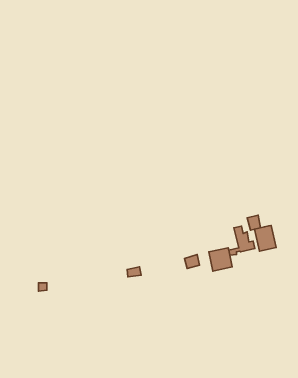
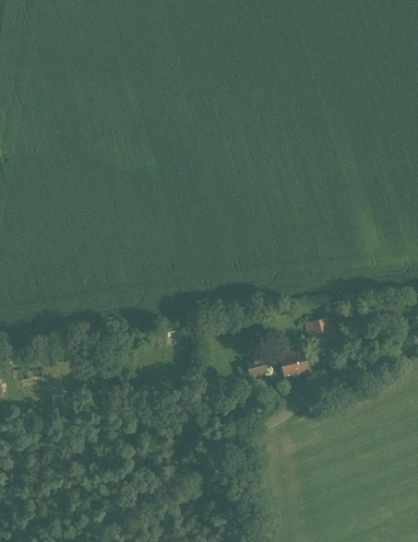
building: [255,226,276,251] -> none

